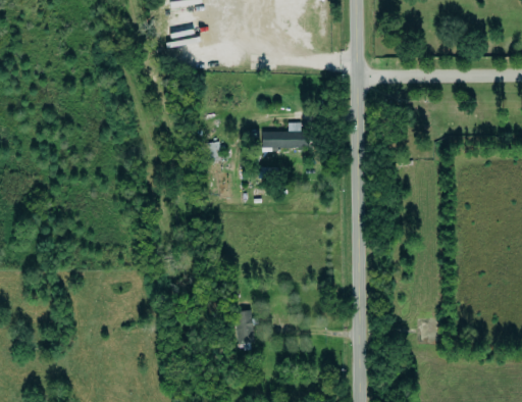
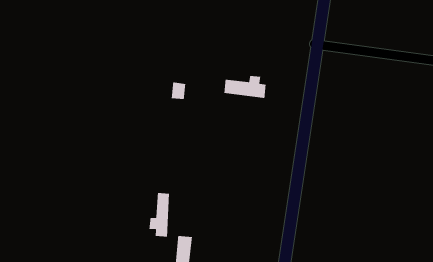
building: none -> [149,192,170,238]

